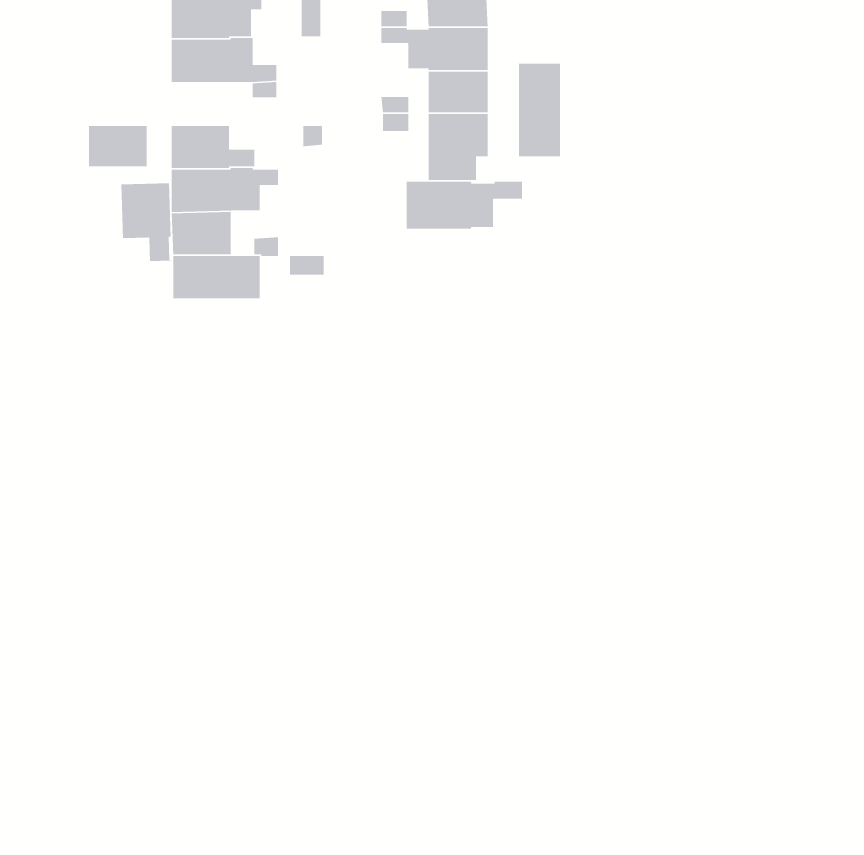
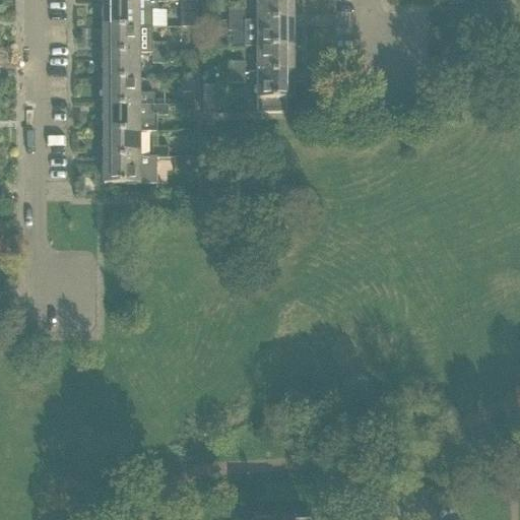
building: [518,63,561,157] -> none
building: [88,125,147,167] -> [103,50,138,75]
building: [406,181,523,230] -> none
building: [120,182,172,262] -> none

